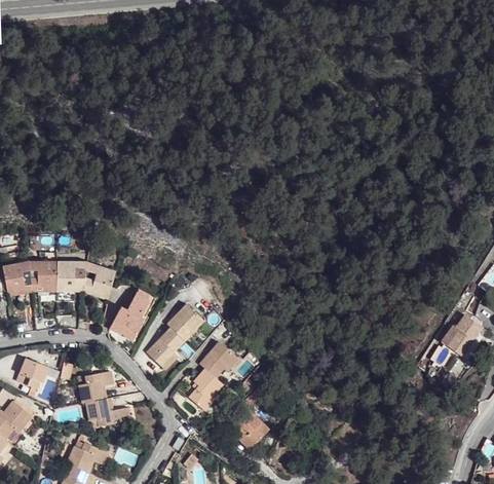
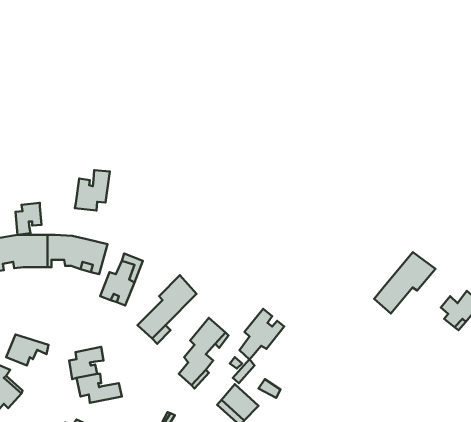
building: none -> [75,170,110,210]
building: none -> [15,203,41,235]
building: none -> [374,252,435,313]
building: none -> [239,309,284,359]

